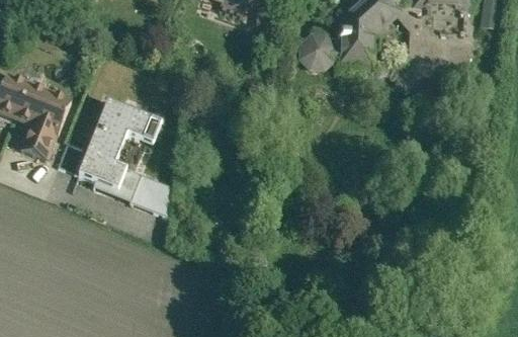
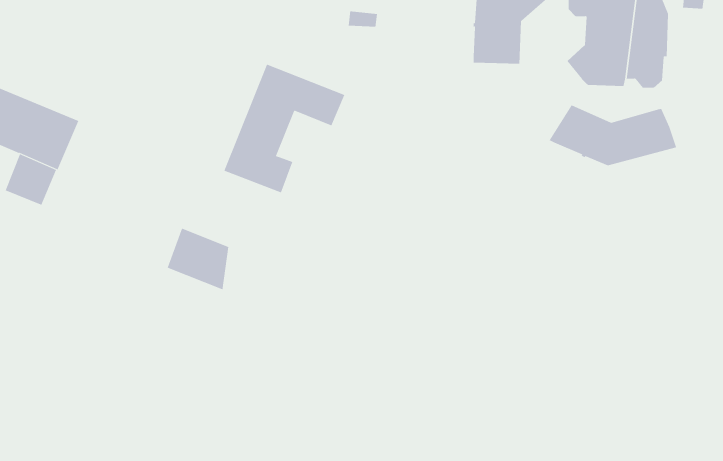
building: [299,34,339,67] -> none
building: none -> [549,105,677,166]
building: [77,101,160,189] -> [223,64,345,193]

